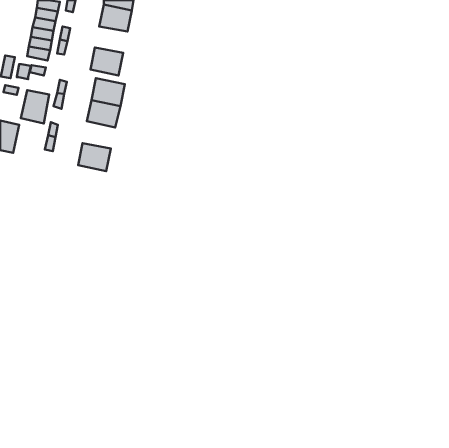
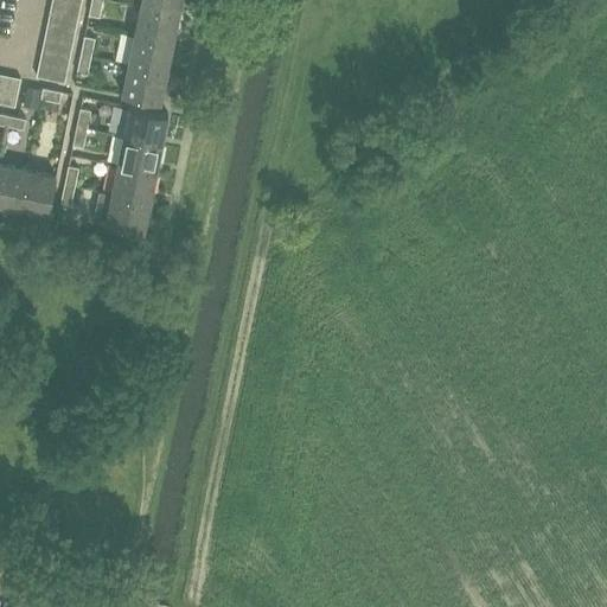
building: none -> [128,37,172,72]
building: [21,90,49,123] -> [18,170,56,215]
building: none -> [111,165,155,202]

